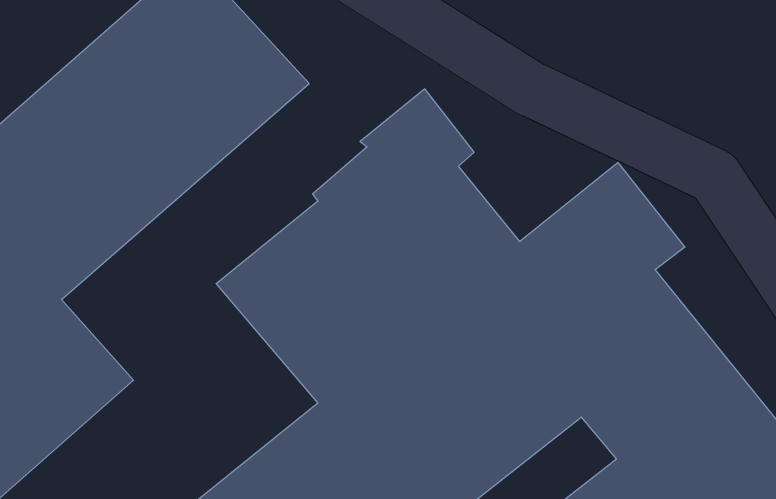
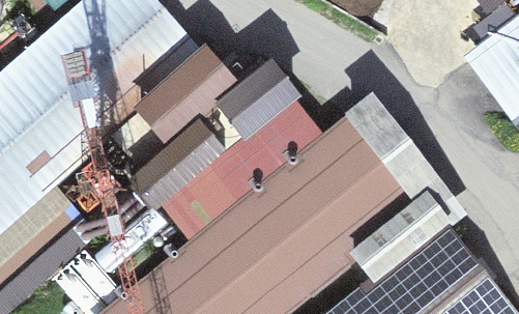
building: none -> [114,62,230,171]

